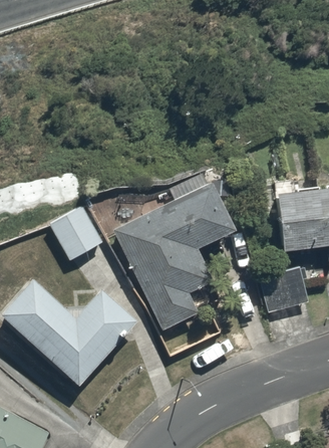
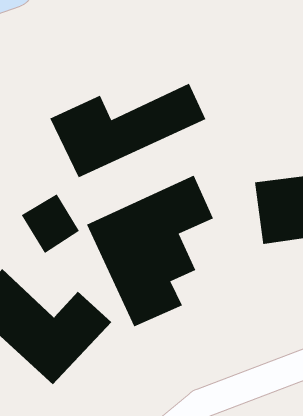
building: none -> [50,83,206,178]
building: [254,259,309,313] -> none

